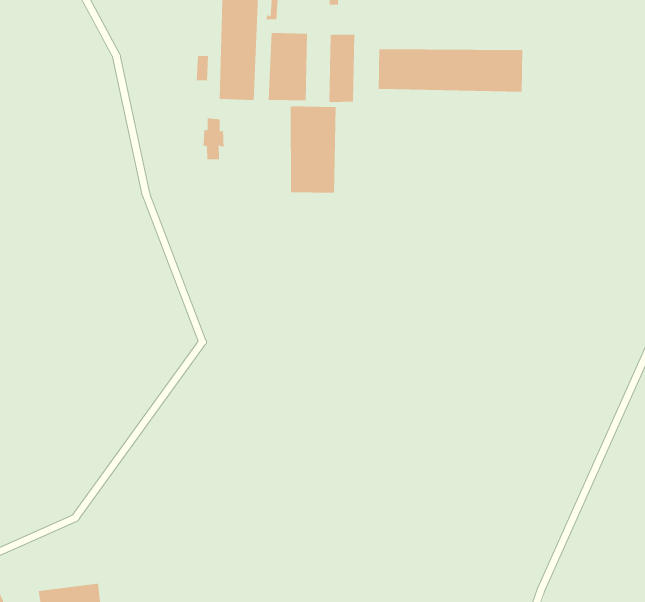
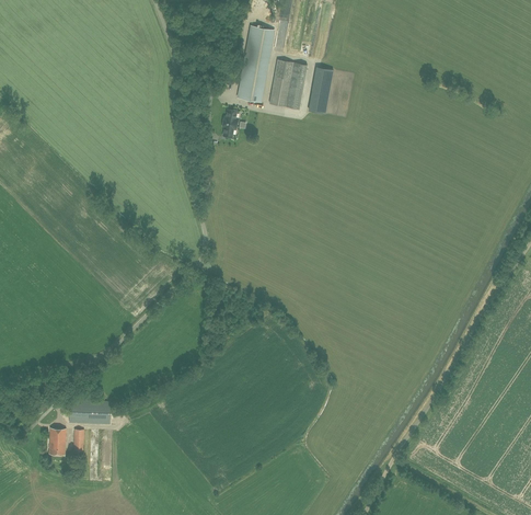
building: [378,48,523,92] -> none
building: [290,105,336,193] -> none

